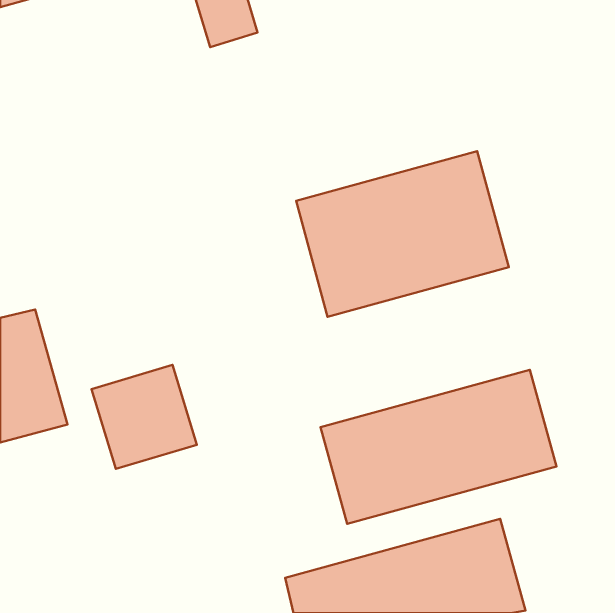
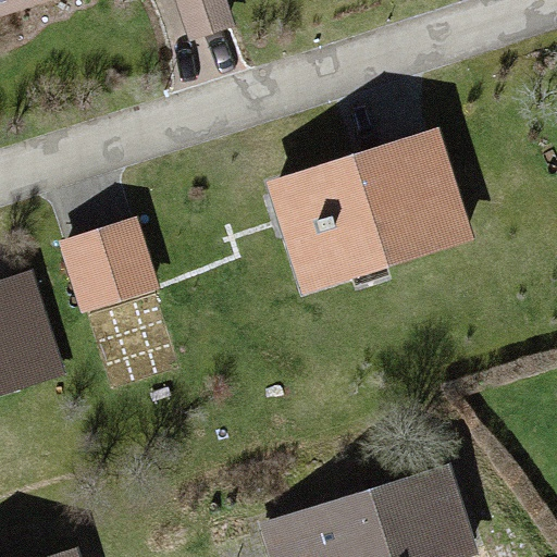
building: [92,365,197,469] -> [59,221,153,314]
building: [321,370,556,524] -> none

